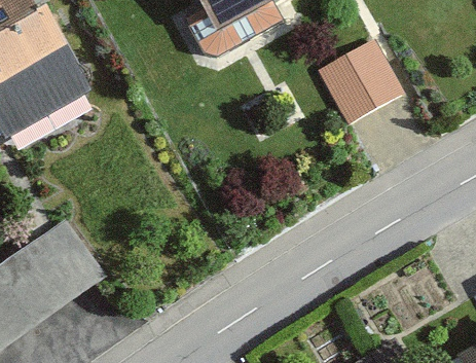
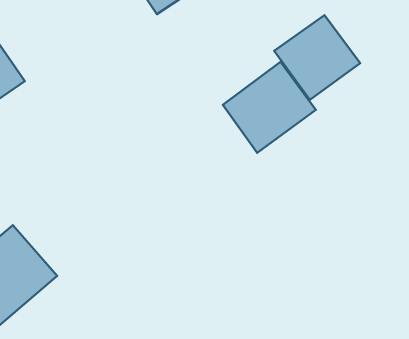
building: none -> [223,62,316,153]

